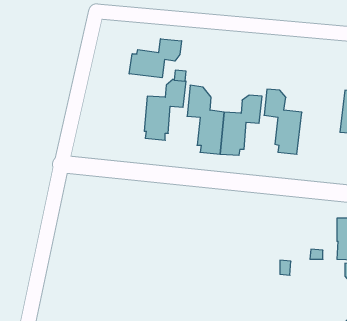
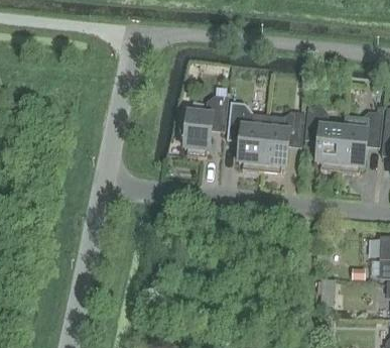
building: [129,39,182,78] -> none
building: none -> [339,111,382,171]

